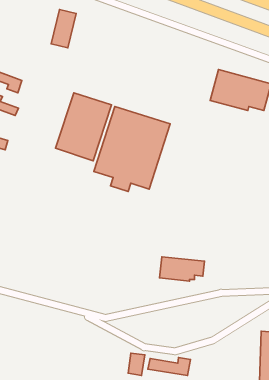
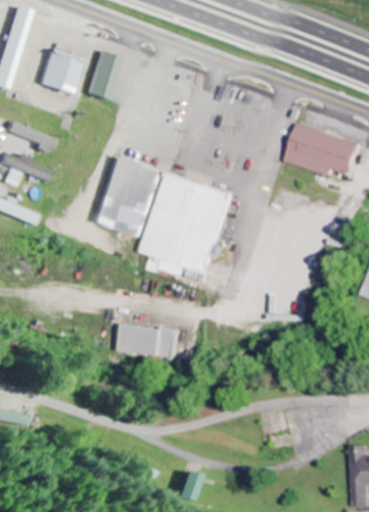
building: none -> [40,51,82,94]
building: [159,257,205,281] -> [122,325,177,354]
building: [148,358,191,376] -> none

